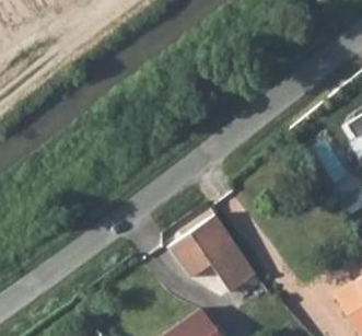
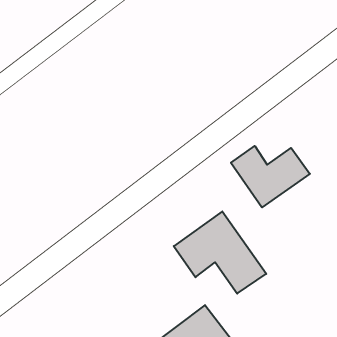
building: none -> [231,146,310,207]

